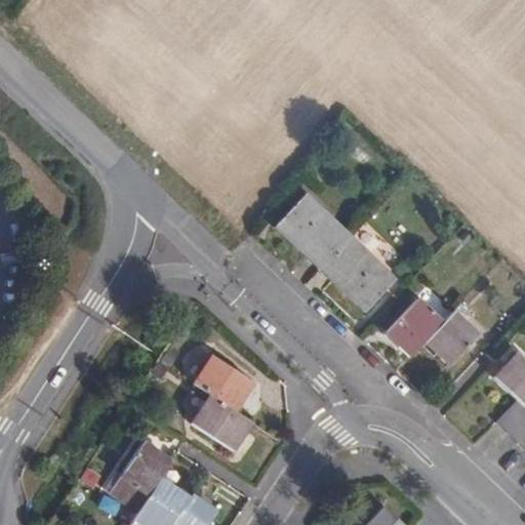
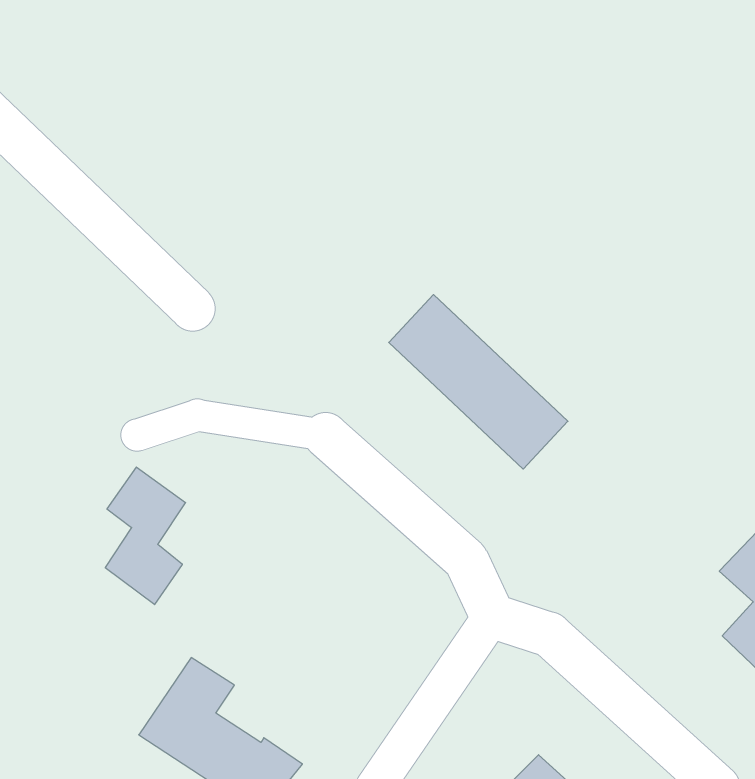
building: [390,301,479,365] -> none
building: [194,350,247,441] -> [105,467,186,605]

